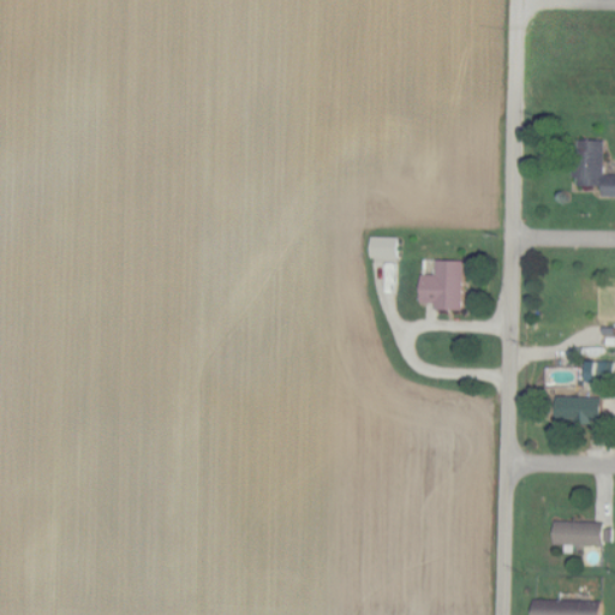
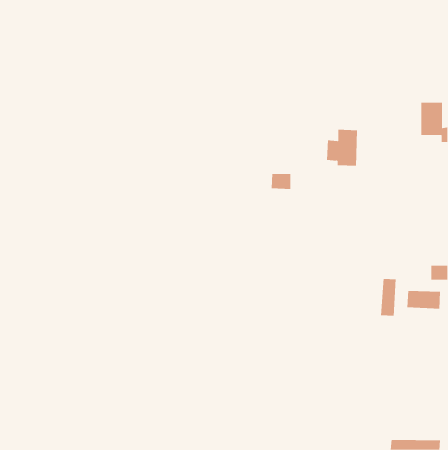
building: [419,259,462,310] -> [326,129,358,166]
building: none -> [381,278,396,317]
building: [553,521,602,544] -> none

